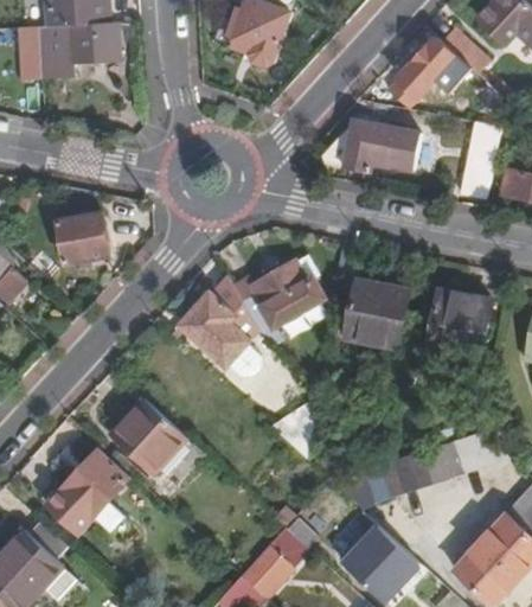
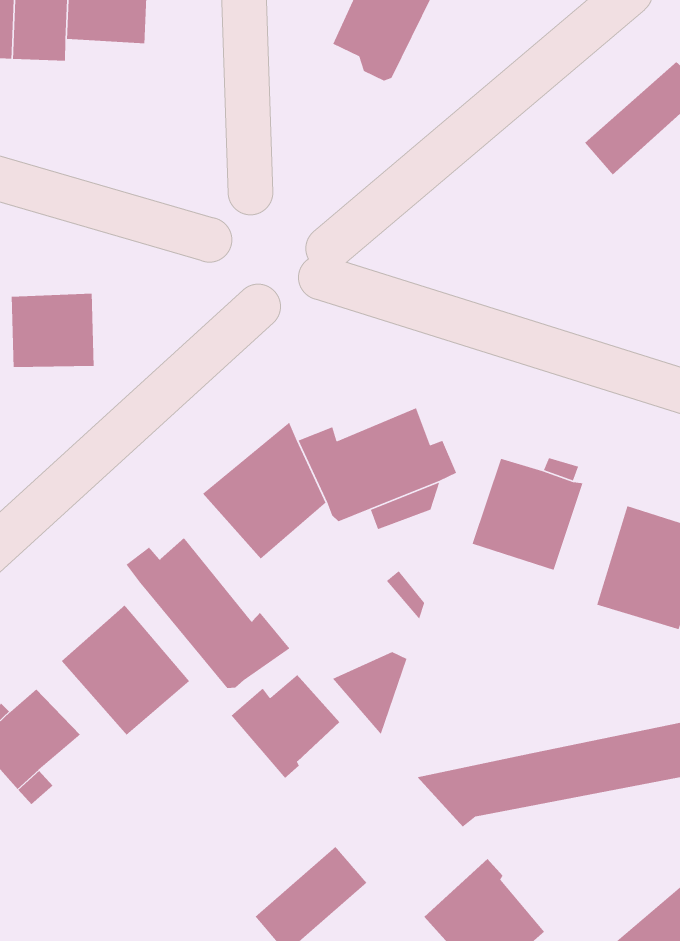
building: [323,122,419,174] -> none
building: none -> [125,537,291,689]
building: none -> [230,674,340,779]

